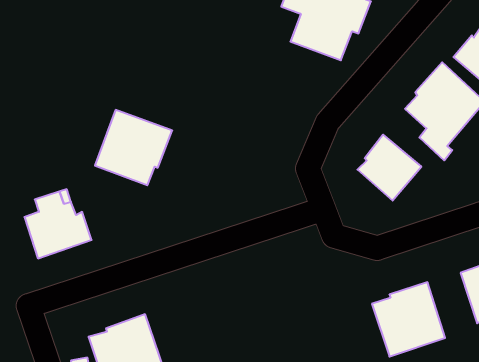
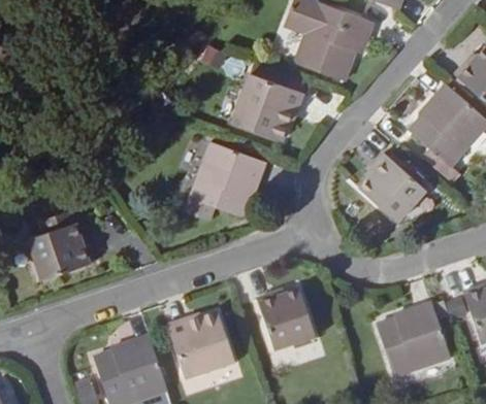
building: none -> [232,72,303,141]
building: [95,110,172,185] -> [190,141,267,216]
building: none -> [256,290,315,350]
building: none -> [166,311,234,377]

